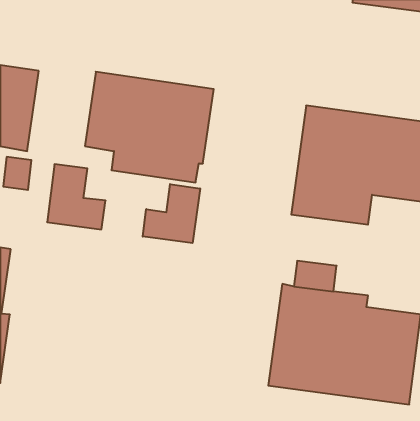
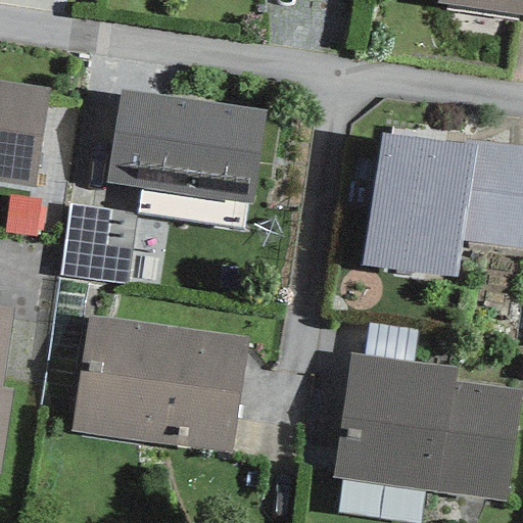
building: [143,184,200,243] -> none
building: none -> [73,316,250,454]

